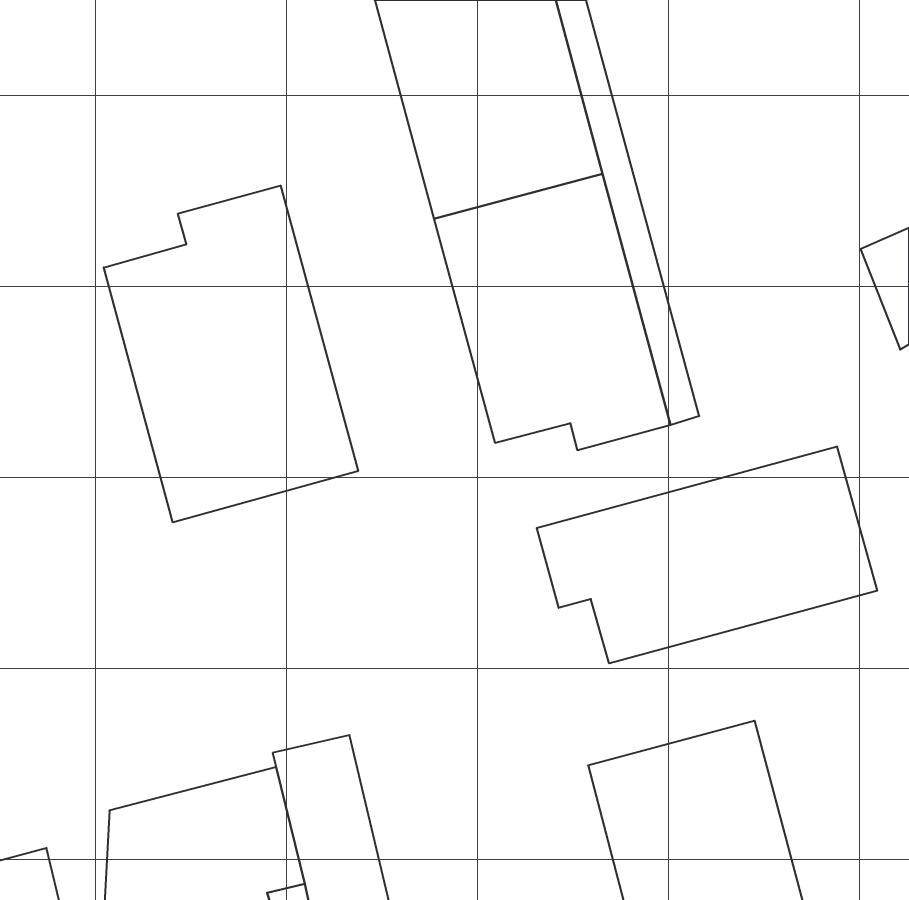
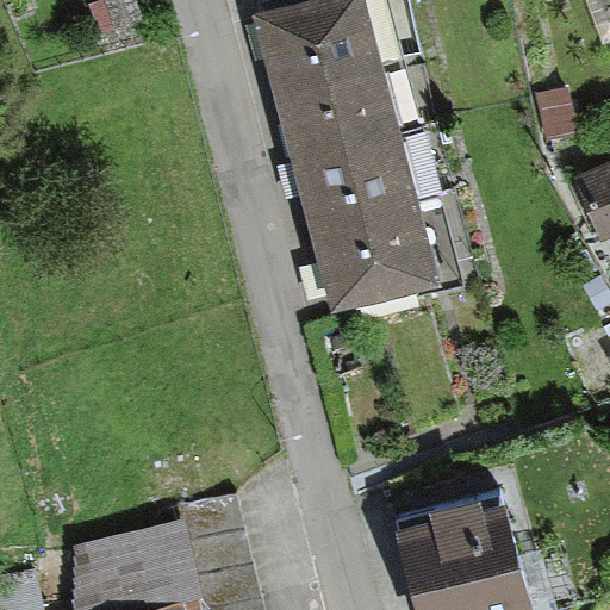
building: [104,186,358,522] -> none
building: [537,446,877,663] -> none

